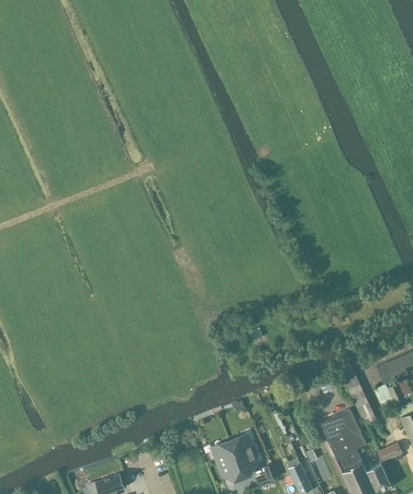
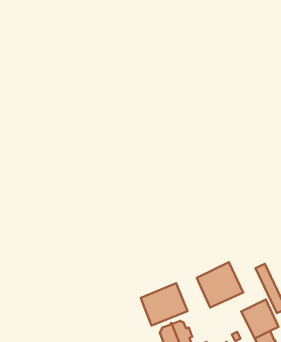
building: none -> [197,262,243,308]
building: none -> [141,283,188,325]

